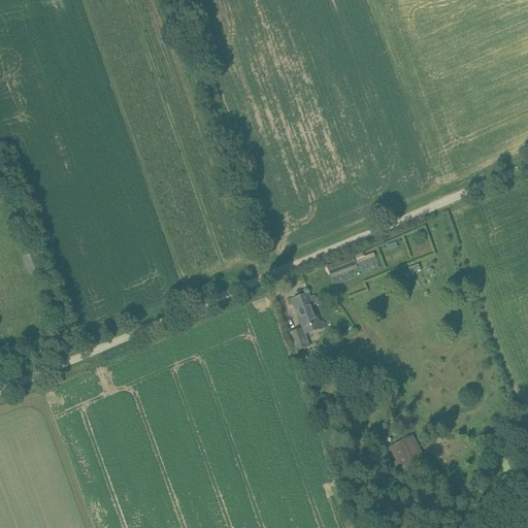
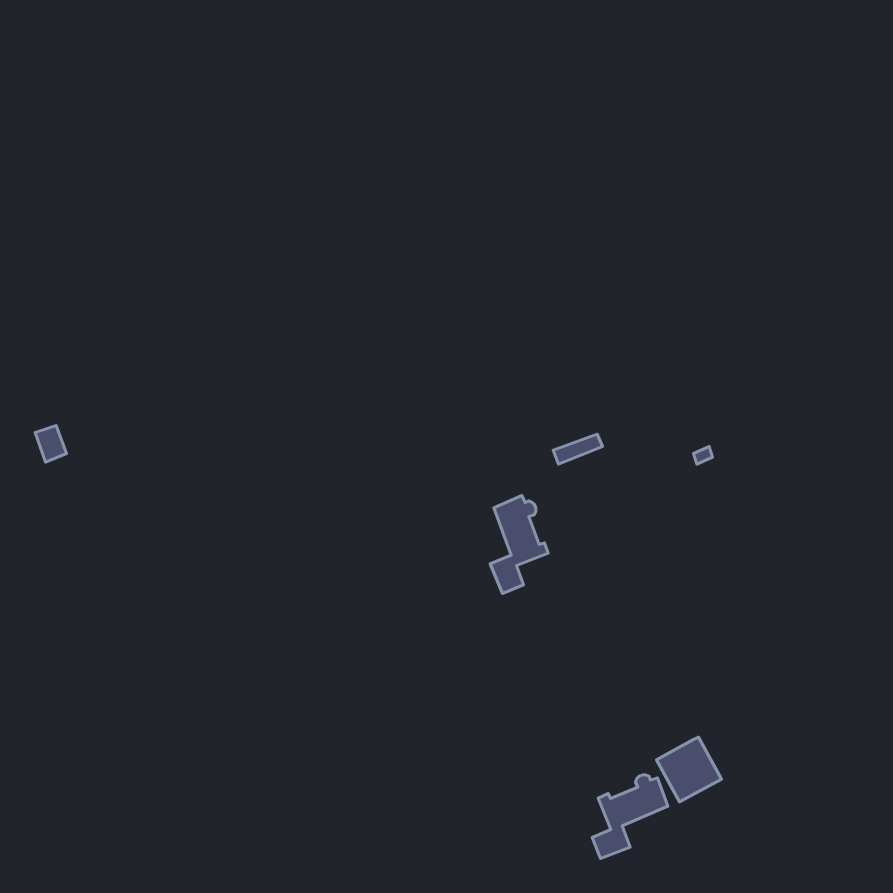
building: none -> [592,775,668,859]

